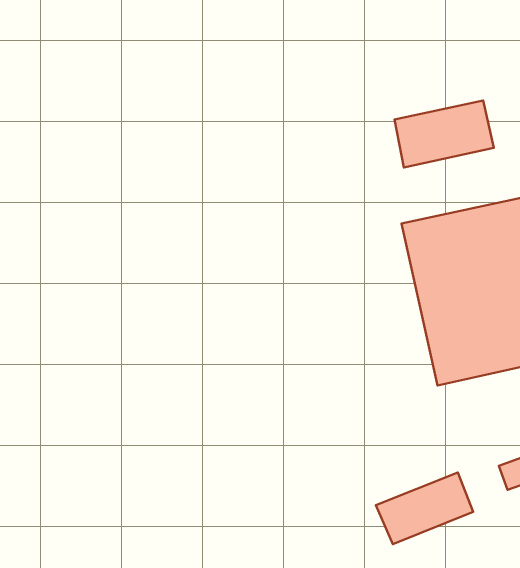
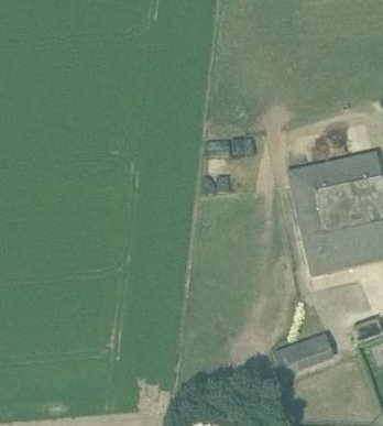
building: [395,101,494,168] -> none

